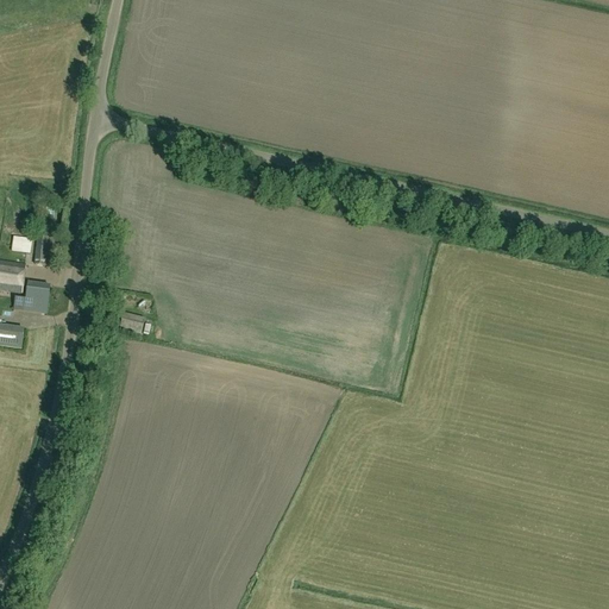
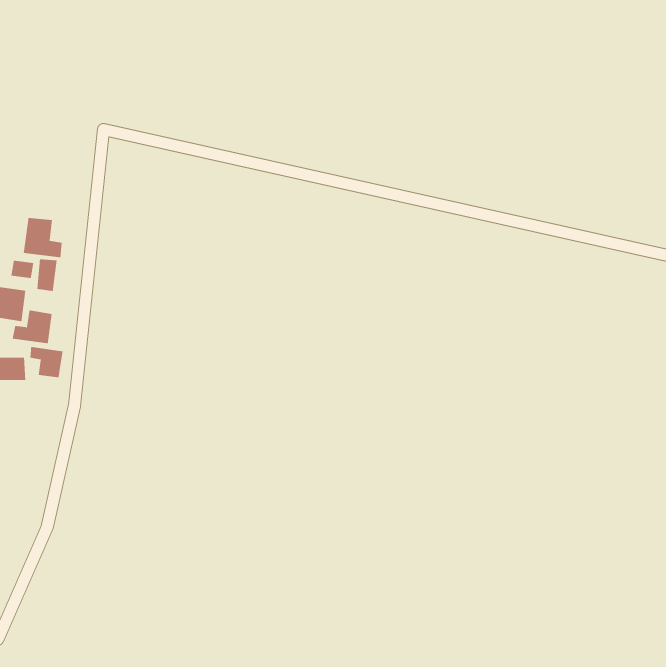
building: none -> [23,217,62,258]
building: none -> [30,346,63,378]

